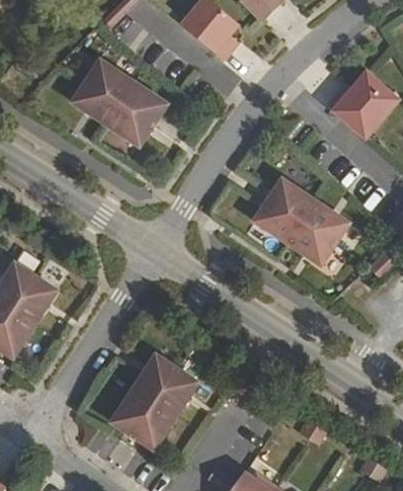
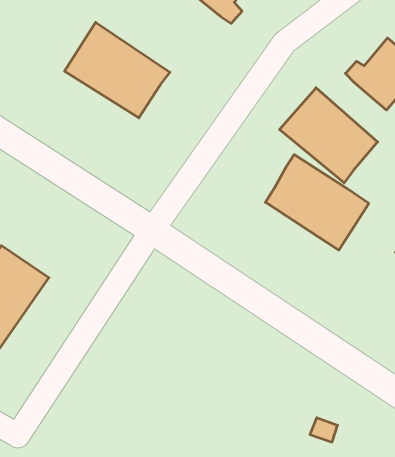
building: none -> [280,88,378,183]
building: [108,349,198,449] -> none

